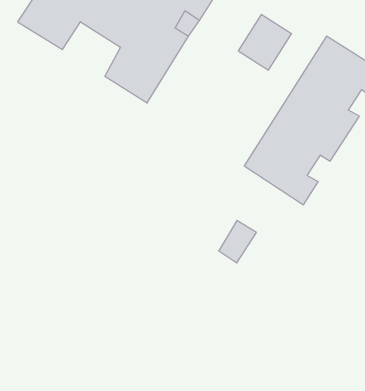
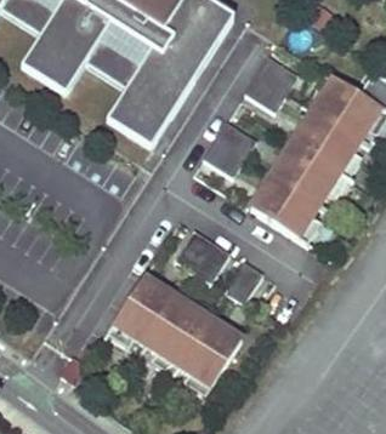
building: none -> [204,120,257,176]
building: none -> [175,228,231,281]
building: none -> [108,275,242,394]

